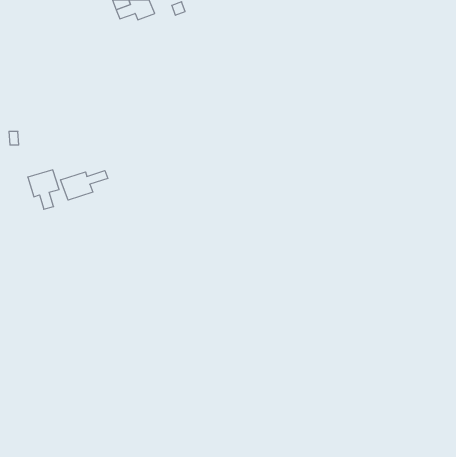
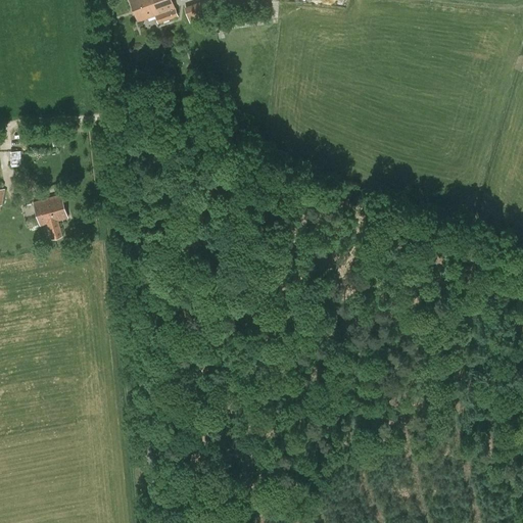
building: [61,171,108,200] -> none

